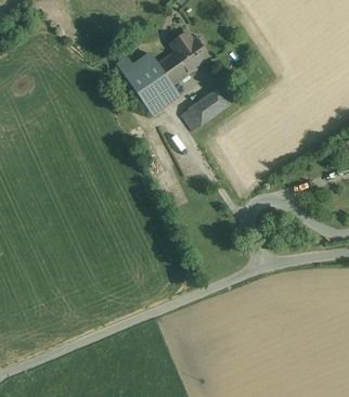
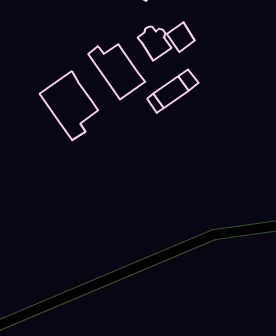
building: [156,51,188,85] -> [167,22,195,52]
building: none -> [40,71,98,140]

